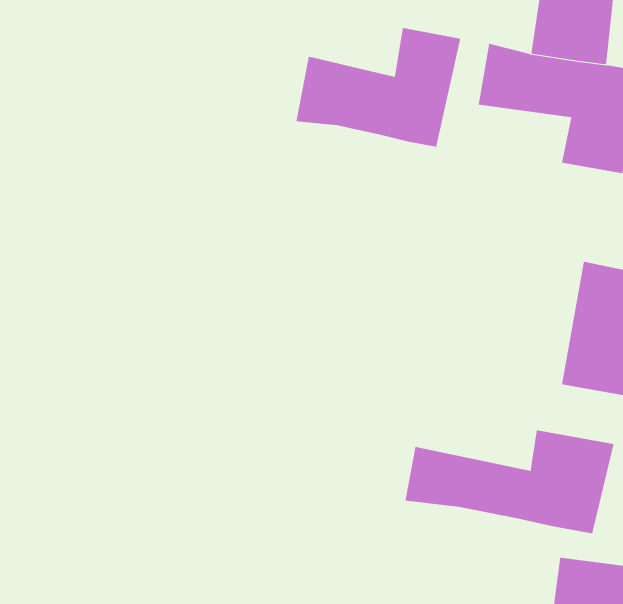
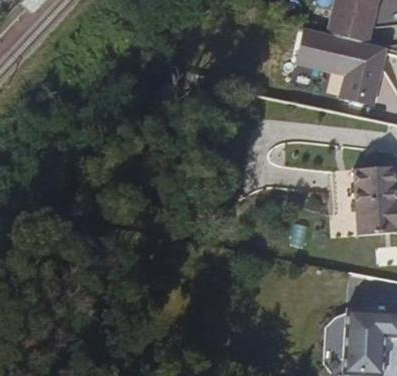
building: [296,27,461,148] -> none
building: [405,430,614,534] -> none

